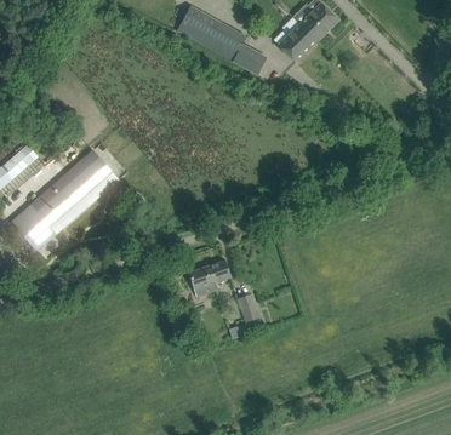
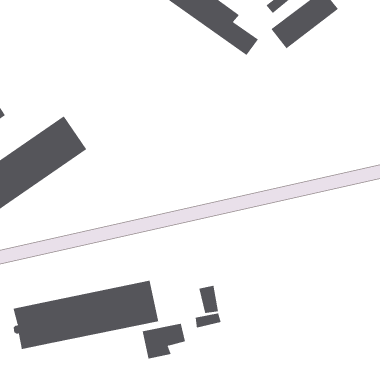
building: [187,258,229,296] -> [142,323,186,359]
building: none -> [13,280,159,350]

